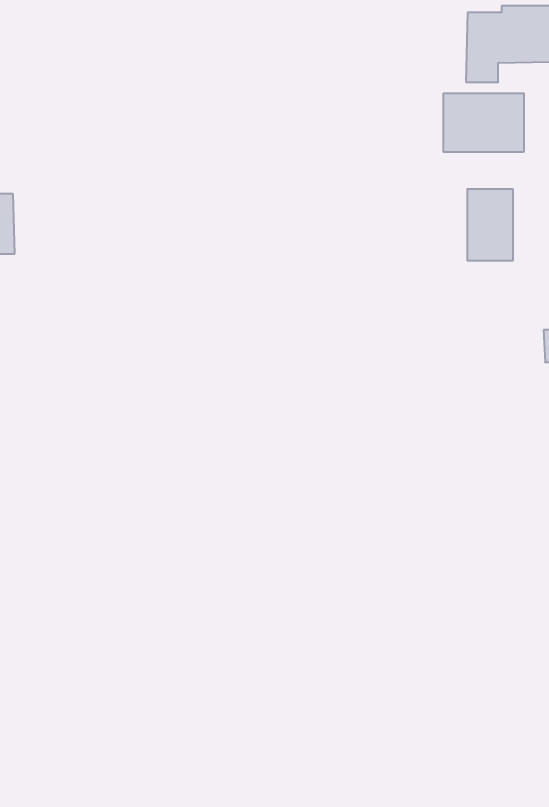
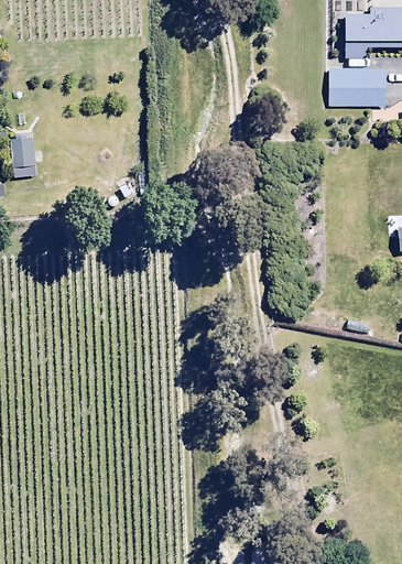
building: [467,189,513,261] -> none

